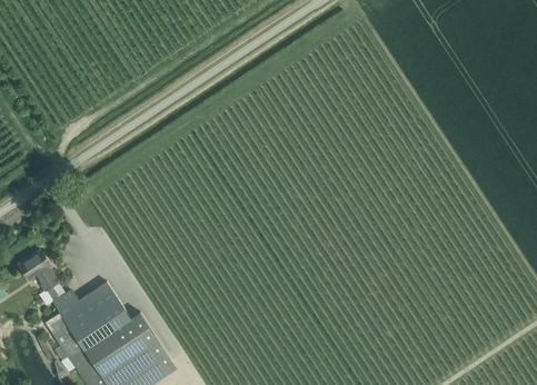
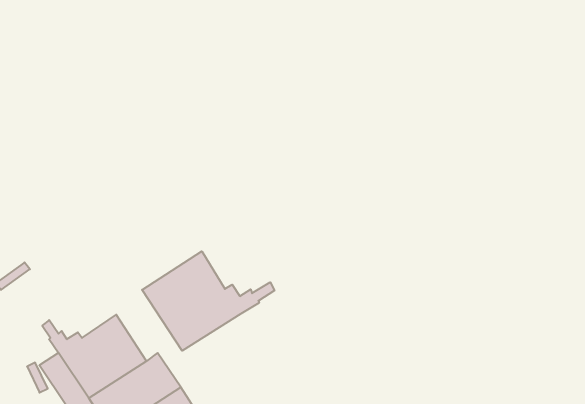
building: none -> [142,251,274,351]
building: [20,251,59,290] -> none

